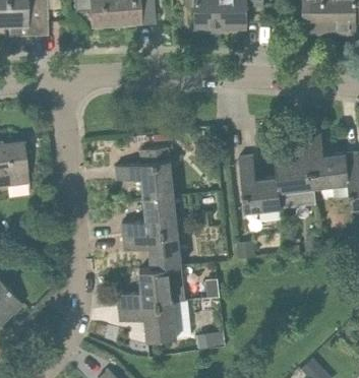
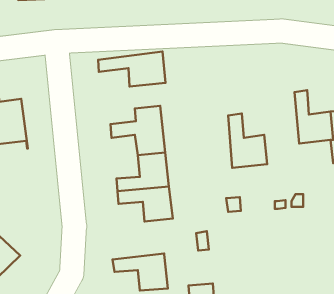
building: none -> [98,52,165,87]
building: [275,133,315,208] -> none
building: [117,265,185,308] -> none

